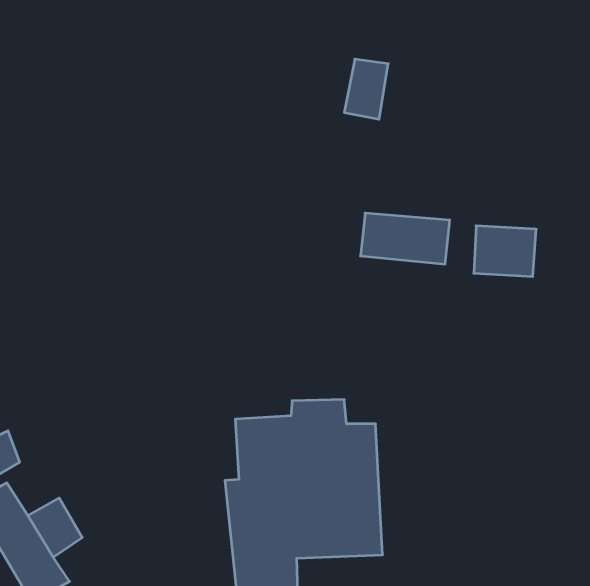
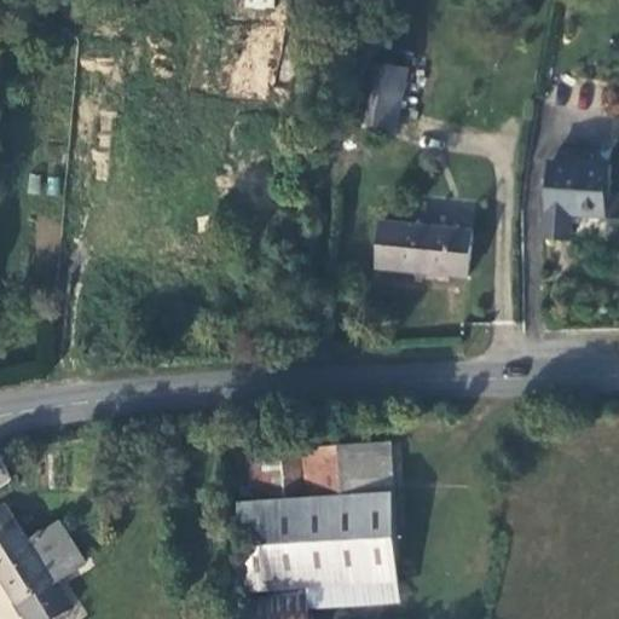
building: [474,226,536,277] -> [544,167,609,220]

